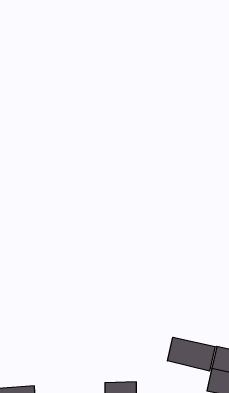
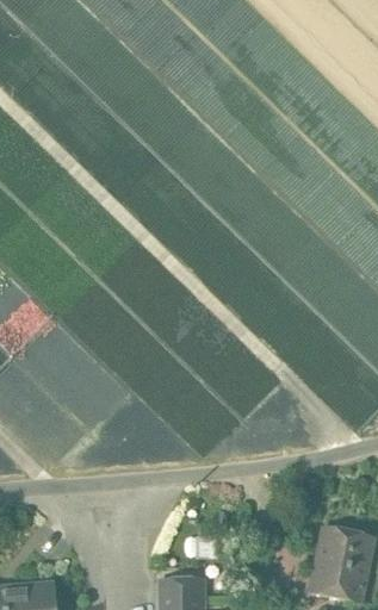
building: [168,337,215,371] -> none

